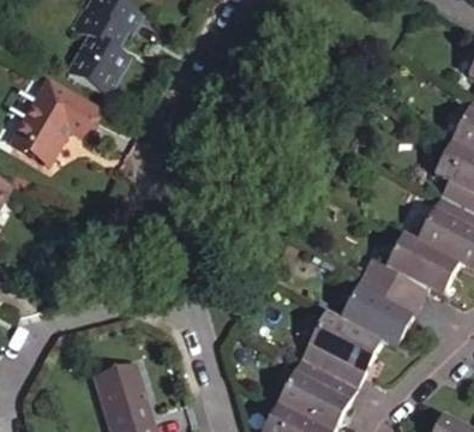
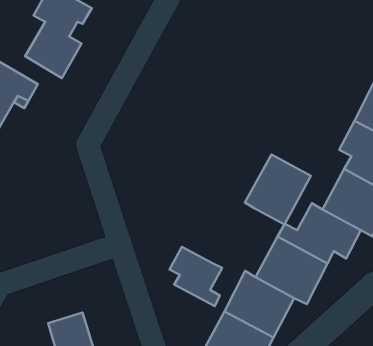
building: none -> [245,155,311,225]
building: none -> [169,247,222,306]

